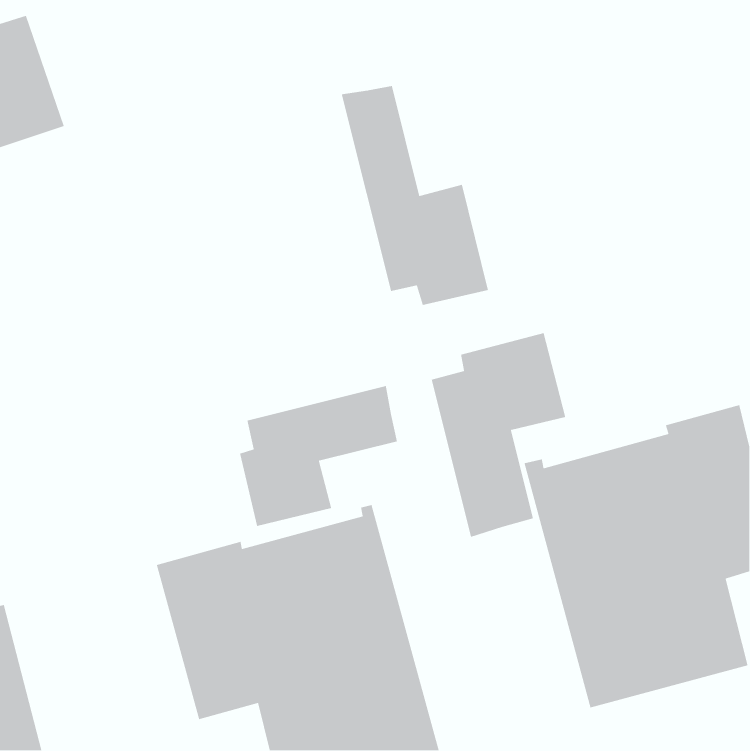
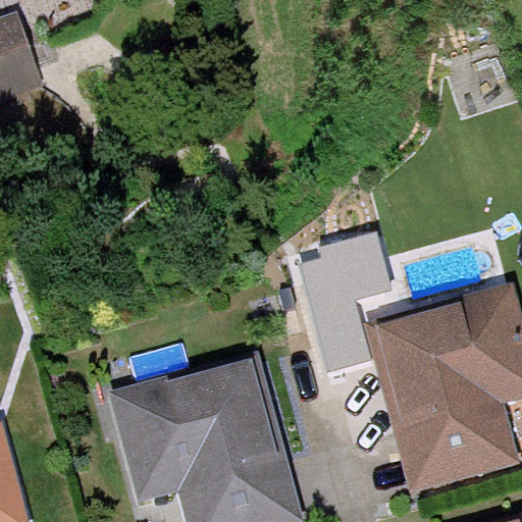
building: [341,85,489,306] -> none
building: [239,385,398,527] -> none

